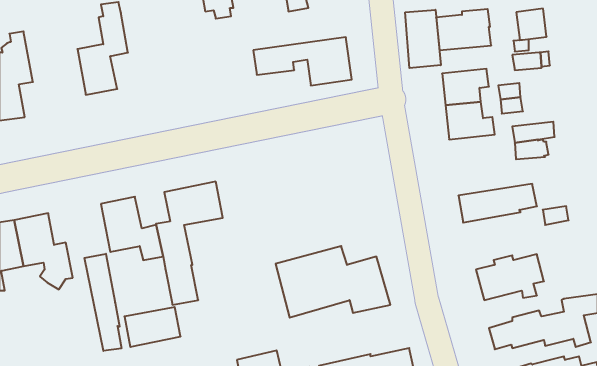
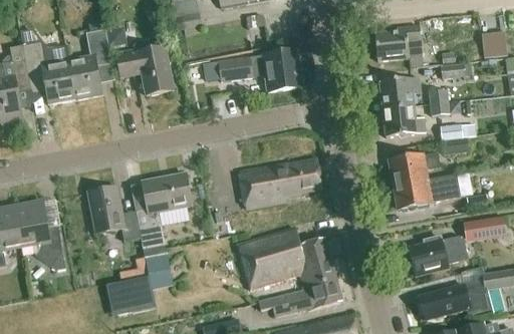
building: [516,9,547,40] -> [481,31,507,58]
building: [405,10,441,68] -> none
building: none -> [19,27,74,103]
building: none -> [115,46,173,94]
building: none -> [389,151,457,185]
building: none -> [238,158,321,207]
building: none -> [464,214,507,241]
building: [84,254,121,351] -> none
building: none -> [257,278,341,316]

